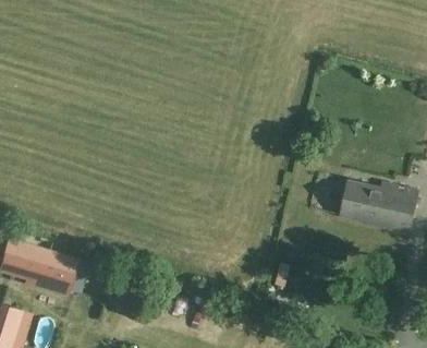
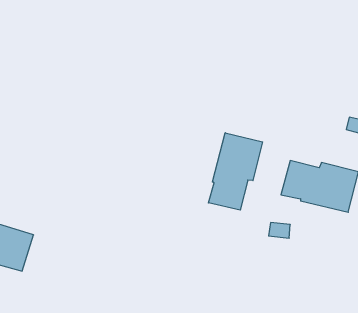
building: none -> [208,133,263,210]

